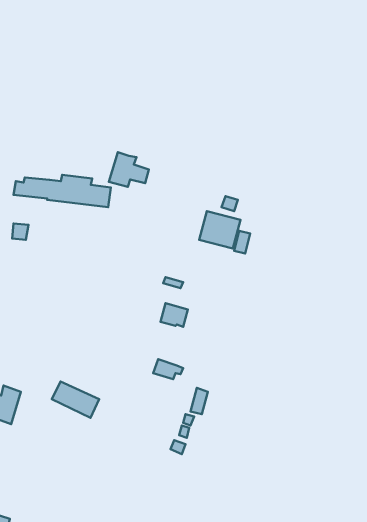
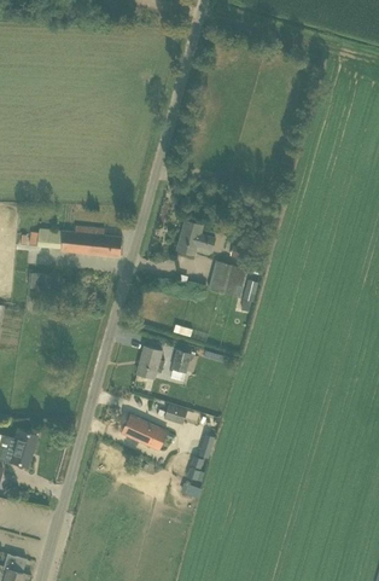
building: [109,152,149,187] -> [177,221,216,255]
building: none -> [138,347,164,378]
building: [52,382,99,418] -> [122,416,168,451]

